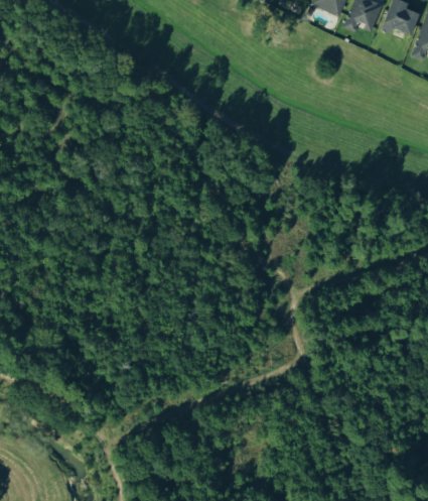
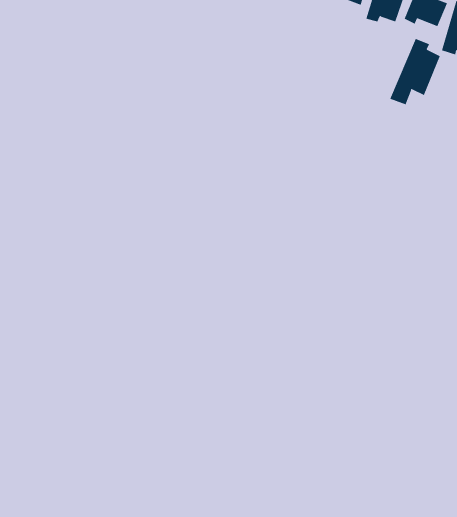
building: none -> [389,38,440,105]

